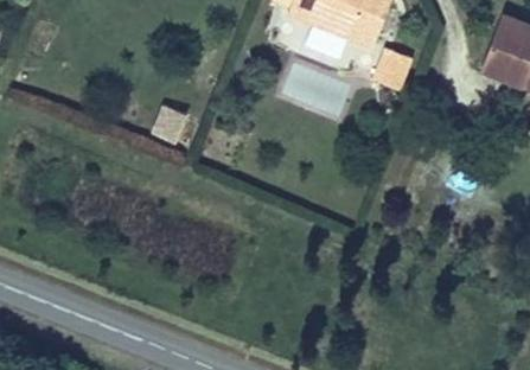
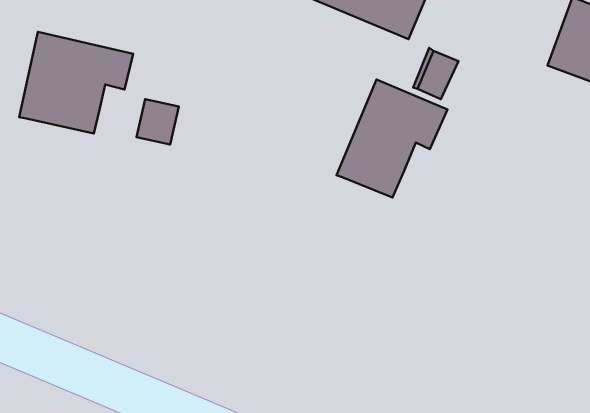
building: none -> [19,32,133,133]
building: none -> [336,79,447,198]

